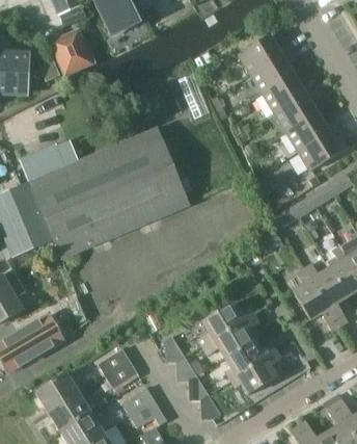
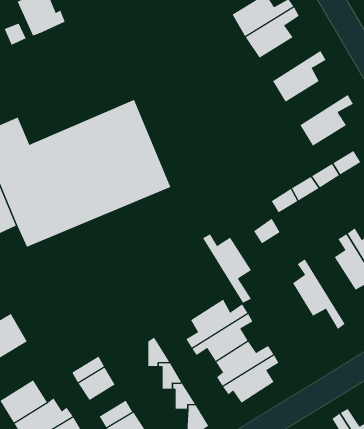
building: [264,73,318,111] -> none
building: [286,111,341,150] -> none
building: [304,262,348,323] -> [202,233,252,304]

